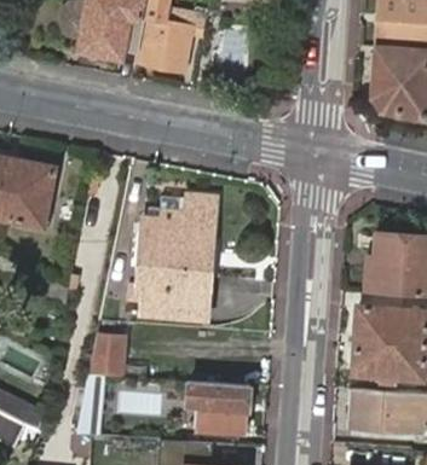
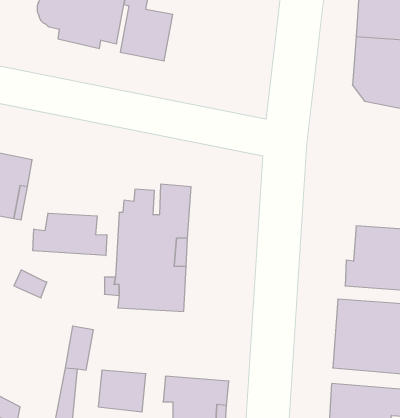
building: none -> [33,213,107,256]

